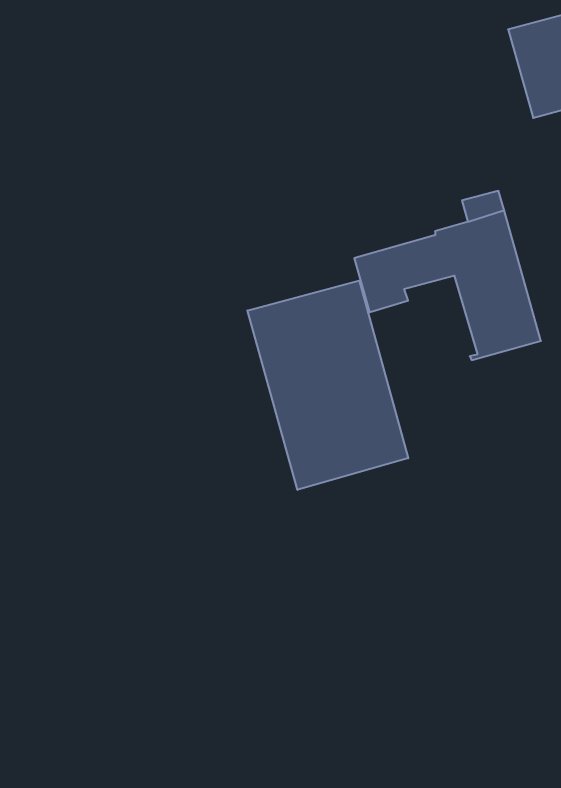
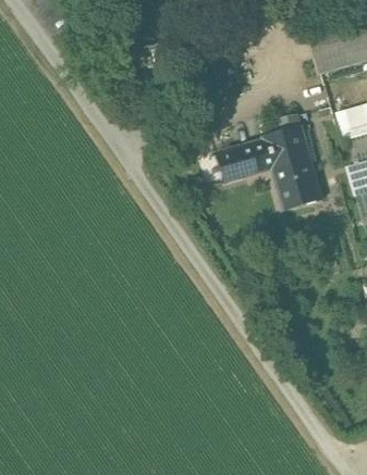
building: [247,281,408,490] -> none

